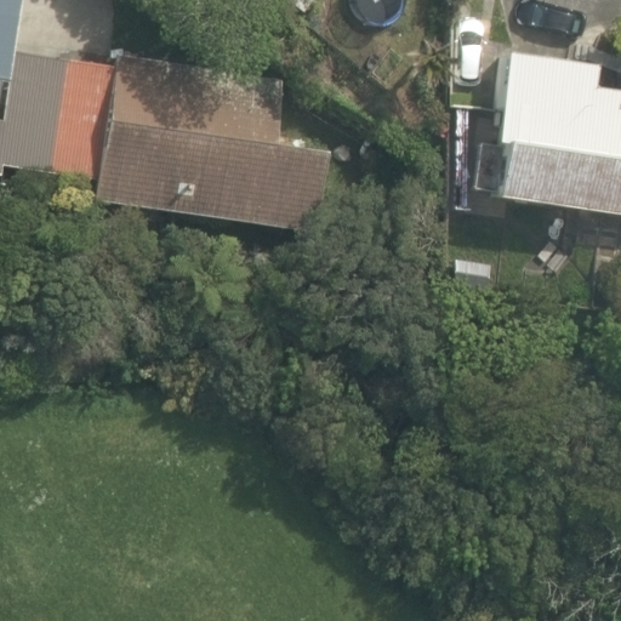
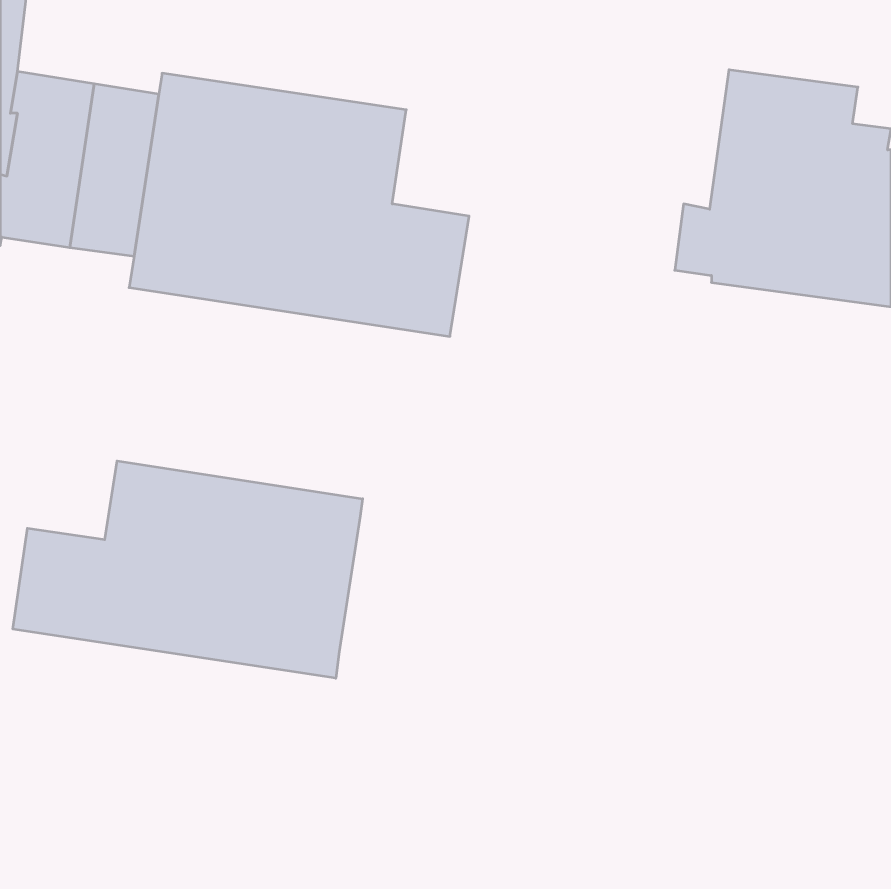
building: none -> [13,461,363,678]

